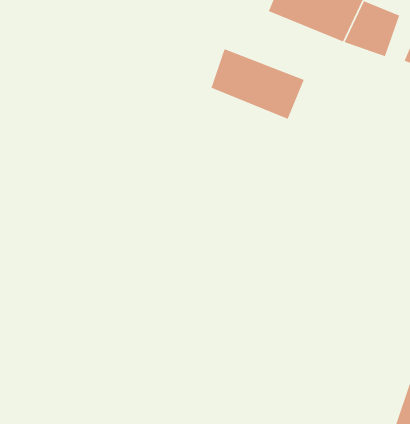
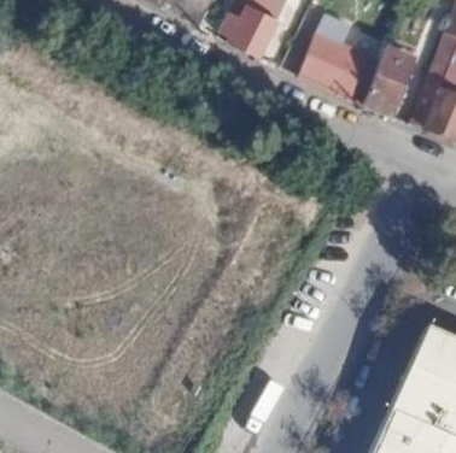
building: [211,48,305,120] -> none

